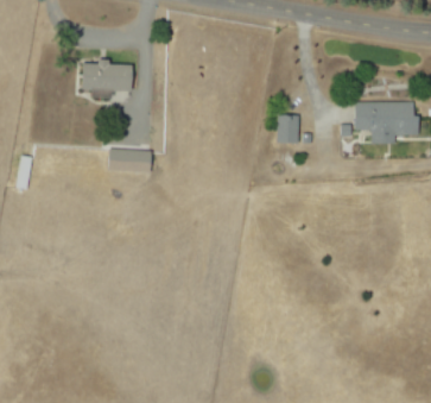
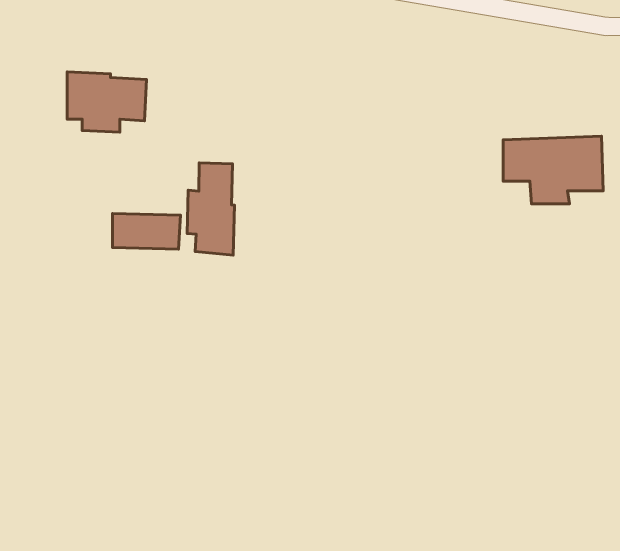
building: [278,115,300,143] -> none
building: none -> [187,163,235,255]

